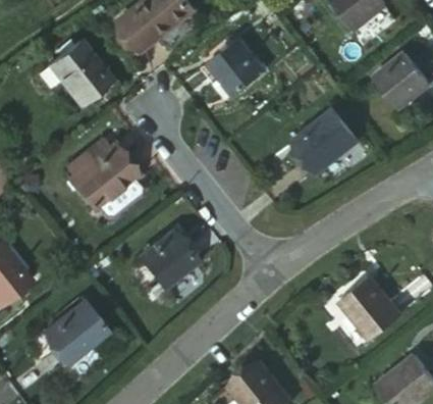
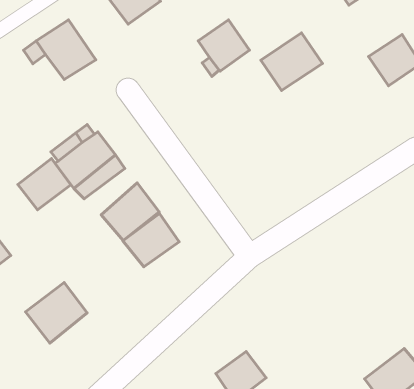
building: [300,113,360,169] -> [261,33,322,91]
building: none -> [18,159,71,210]
building: none -> [101,183,159,241]
building: [337,276,395,335] -> none

